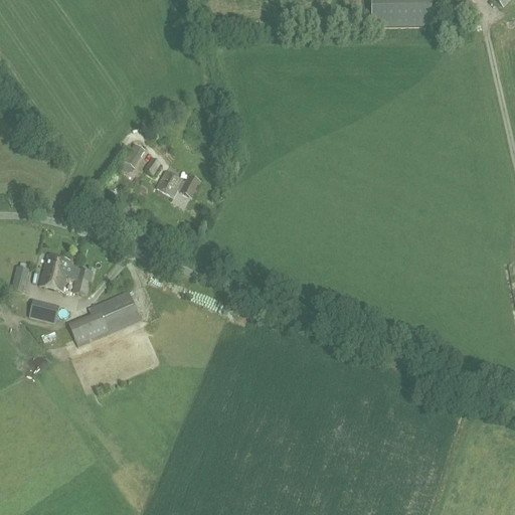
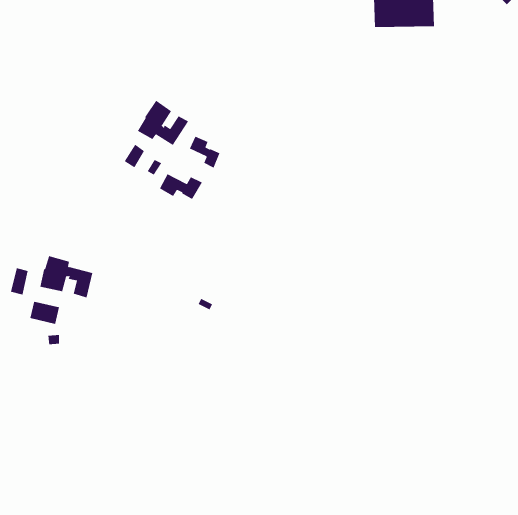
building: none -> [137,100,189,146]
building: none -> [189,136,220,168]
building: [68,290,141,346] -> none

